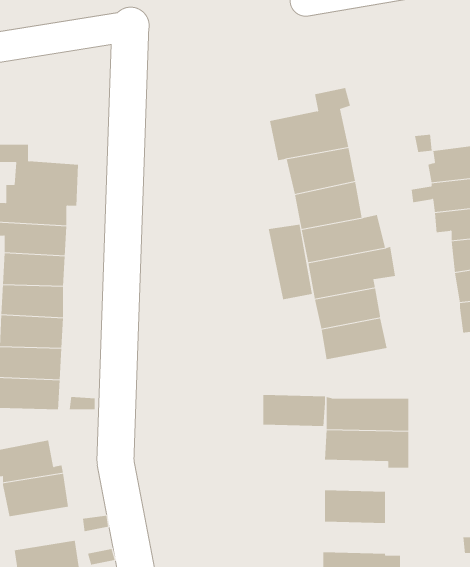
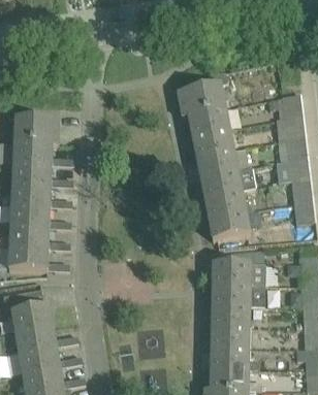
building: [268,224,313,300] -> none
building: [262,395,326,426] -> [211,300,250,320]
building: none -> [15,329,57,356]
building: none -> [210,338,249,358]

